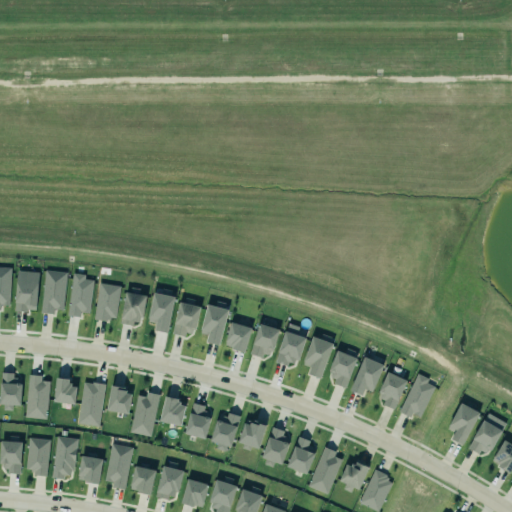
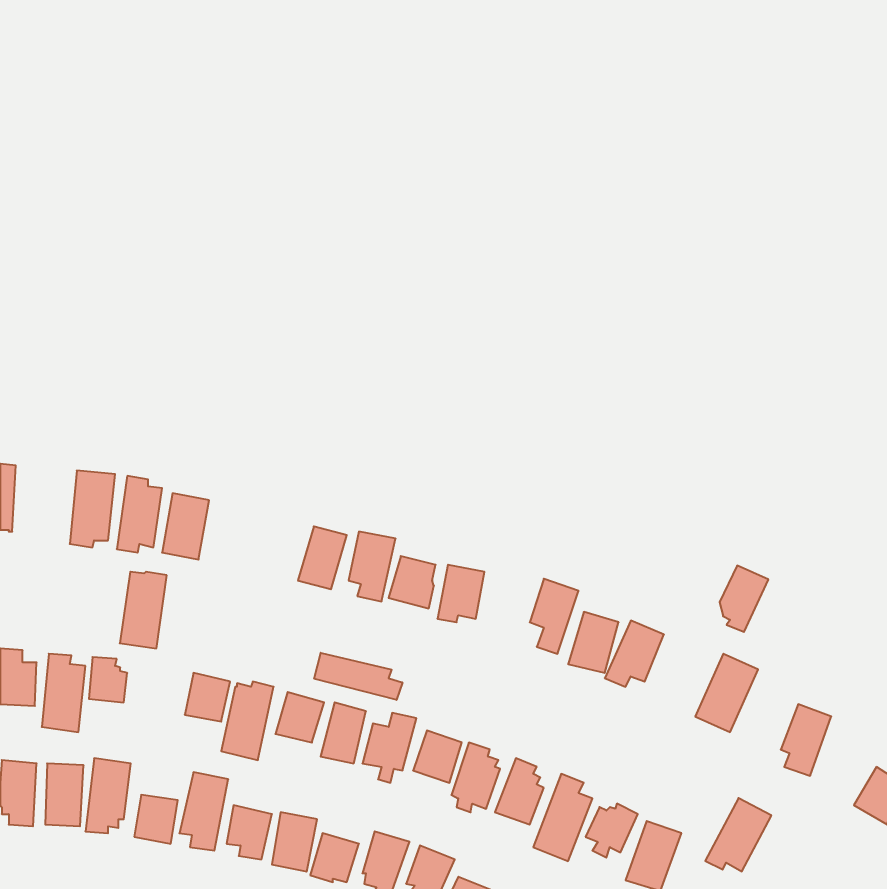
building: [15,272,38,312] -> none
building: [121,290,145,324] -> none
building: [149,293,177,334] -> none
building: [274,323,306,366] -> none
building: [379,370,407,408] -> [720,566,768,632]
building: none -> [314,653,402,700]
building: [77,382,104,426] -> [120,572,167,648]
building: [469,414,507,456] -> [705,798,771,871]

